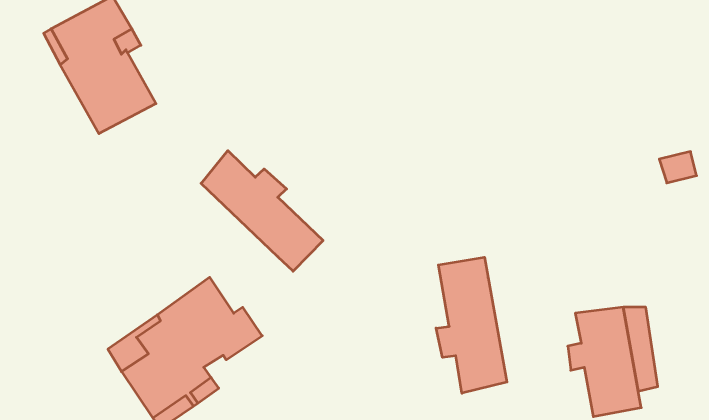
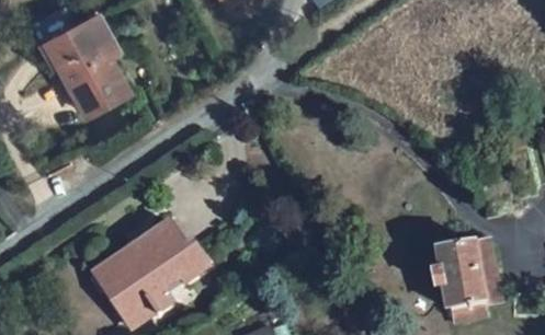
building: [201,151,323,271] -> none
building: [436,257,507,393] -> none

